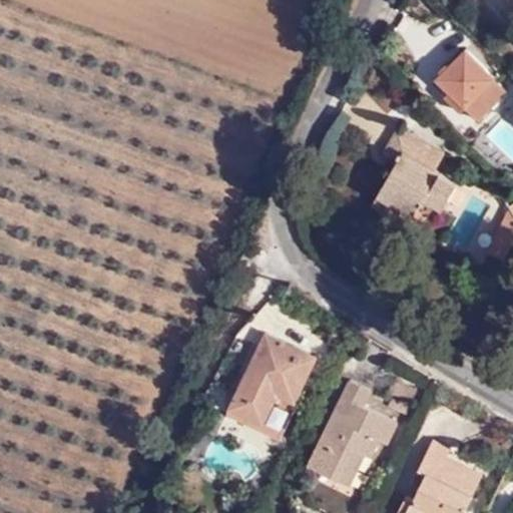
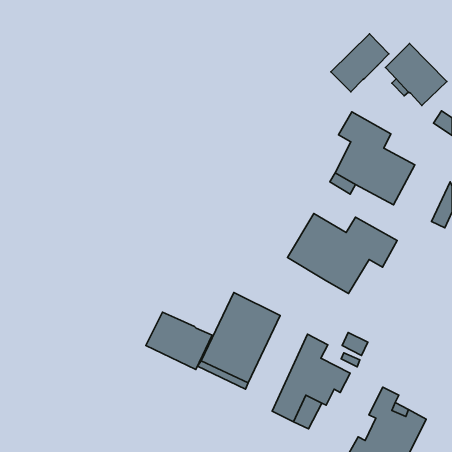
building: none -> [331,34,389,92]
building: none -> [287,213,397,293]
building: none -> [146,312,212,370]

